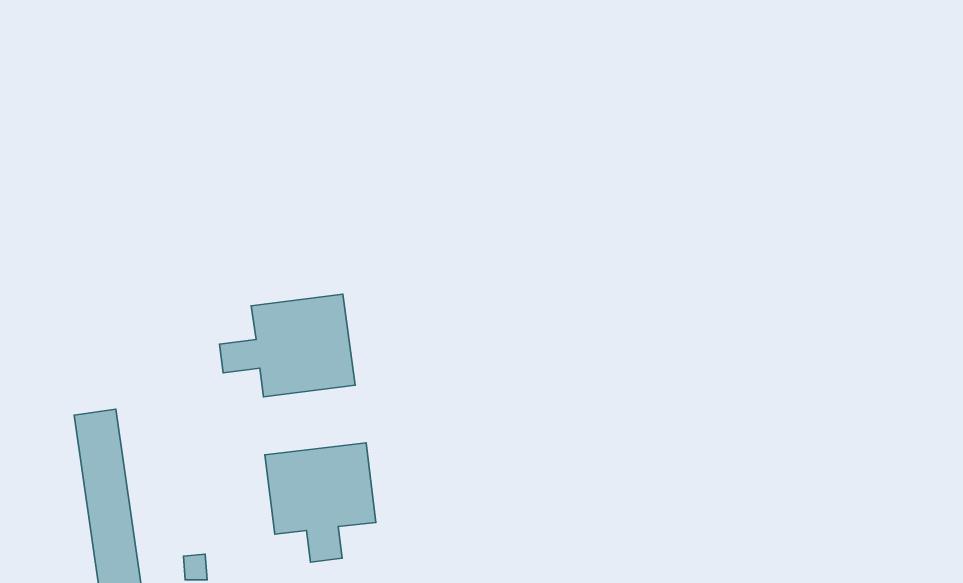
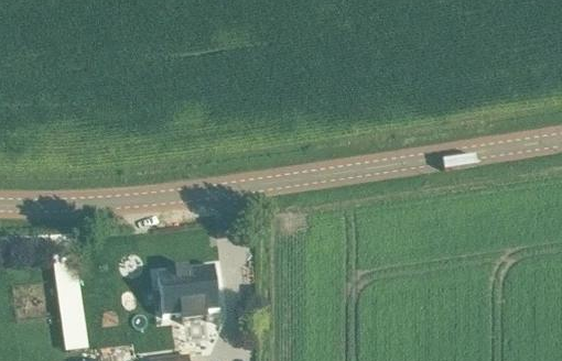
building: [220,294,355,397] -> none

